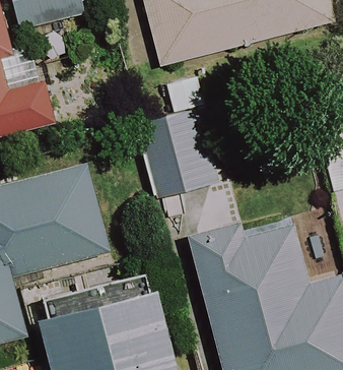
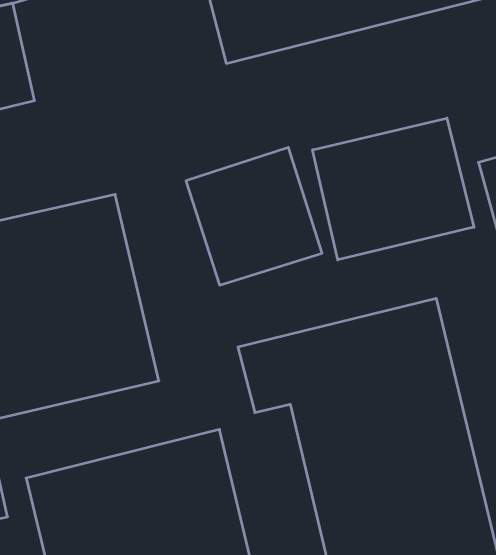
building: none -> [313,118,474,260]

